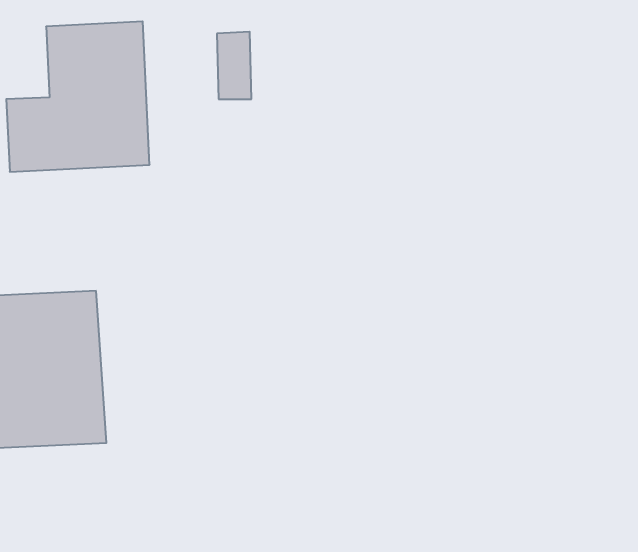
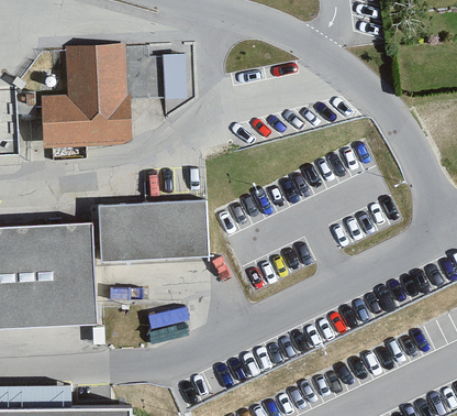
building: none -> [99,204,210,262]

